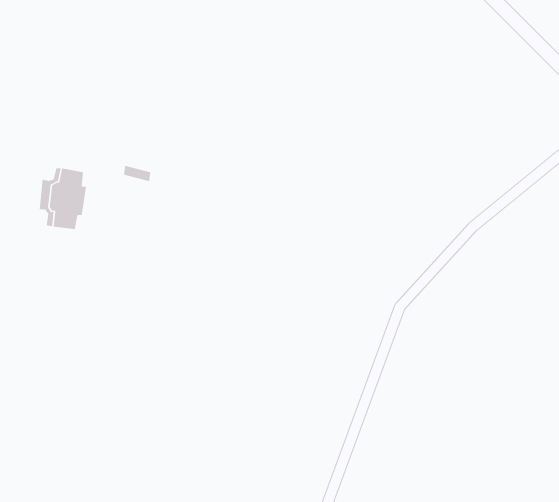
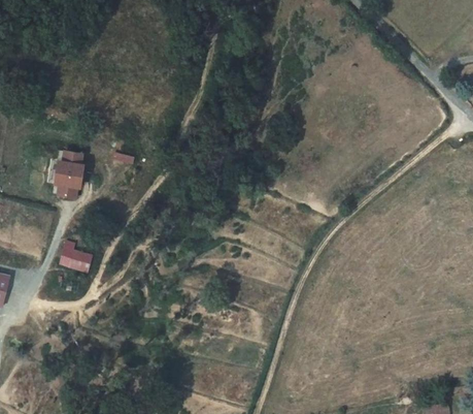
building: none -> [58,238,93,273]

